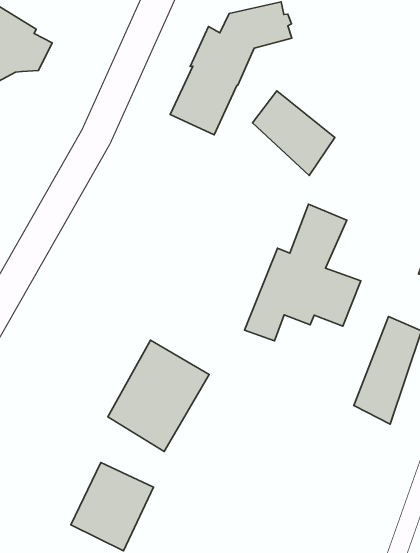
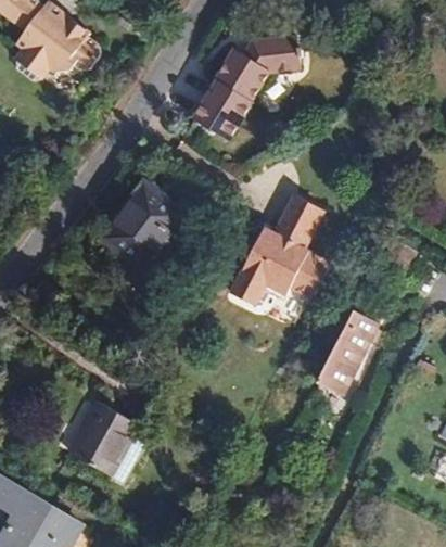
building: [252,91,335,175] -> none
building: [108,340,209,452] -> [95,179,184,274]

